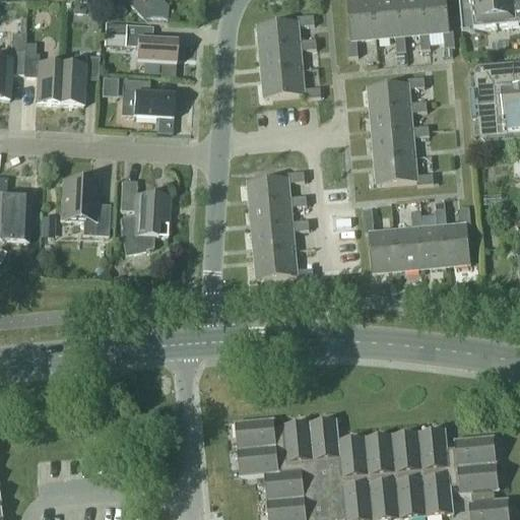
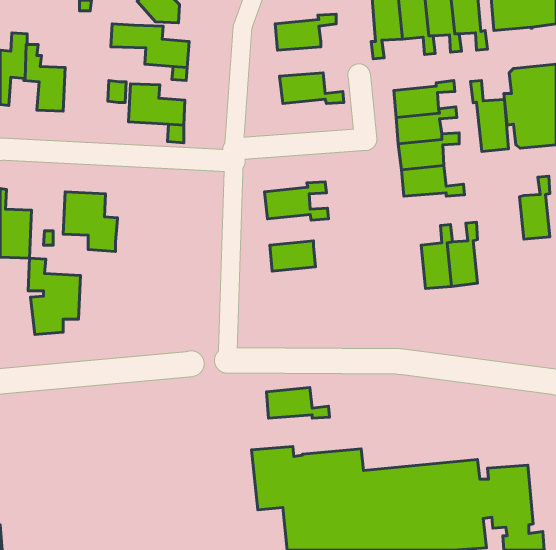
building: [259,38,317,71] -> none
building: [59,54,99,105] -> none
building: none -> [470,81,509,152]
building: [120,179,169,250] -> [28,258,81,334]
building: [250,200,309,230] -> none
building: [442,205,470,264] -> [519,176,550,239]
building: [363,214,397,271] -> none
building: [254,249,313,277] -> [266,388,330,418]

